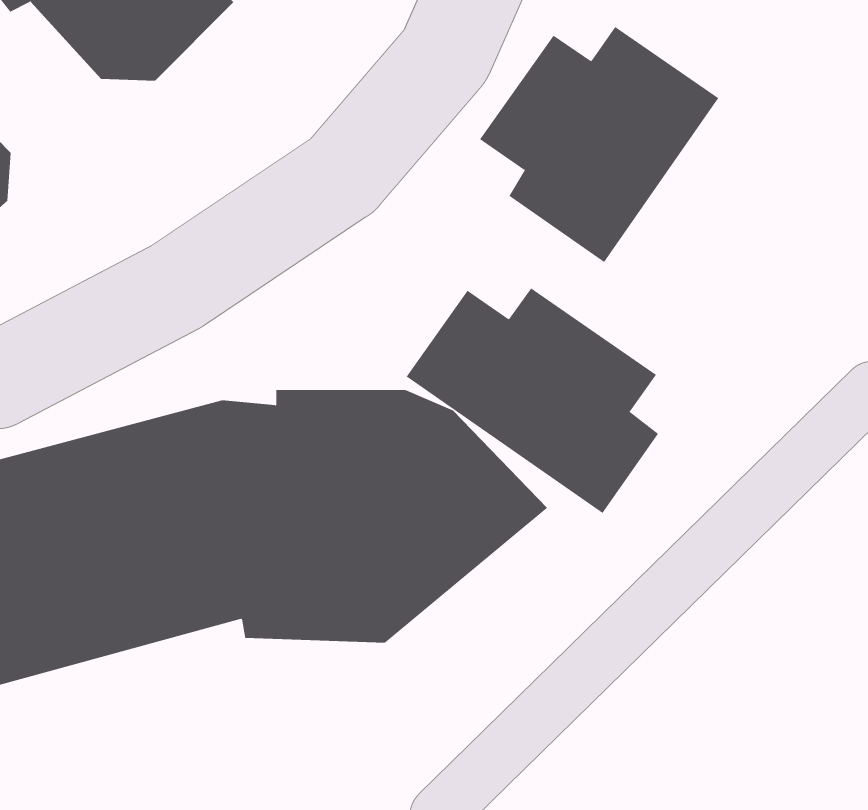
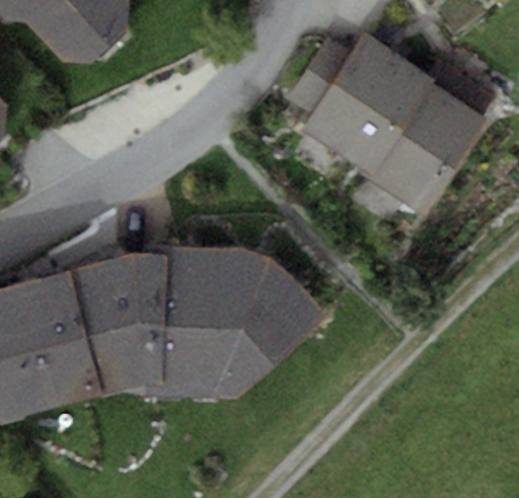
building: none -> [358,59,494,215]
building: [406,287,659,514] -> none

